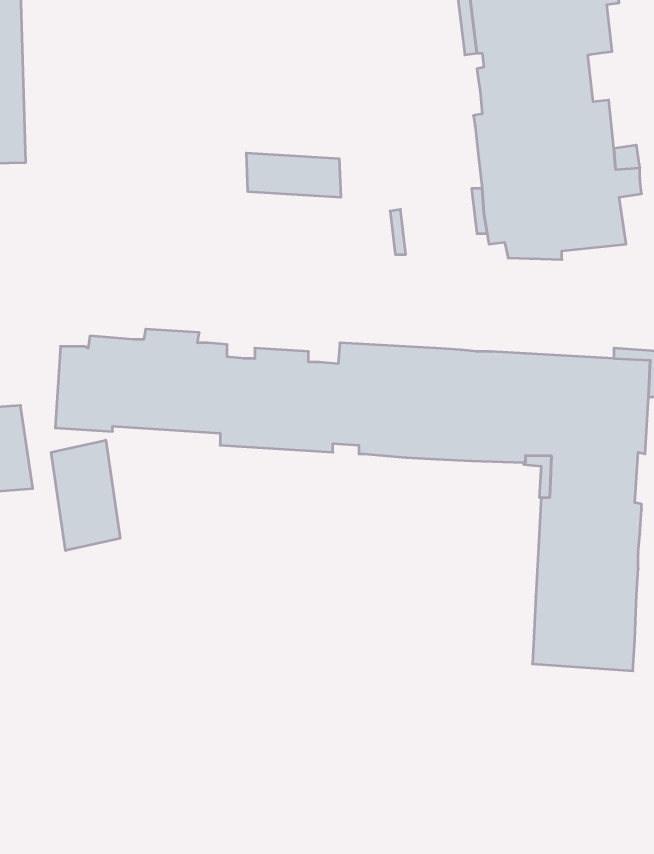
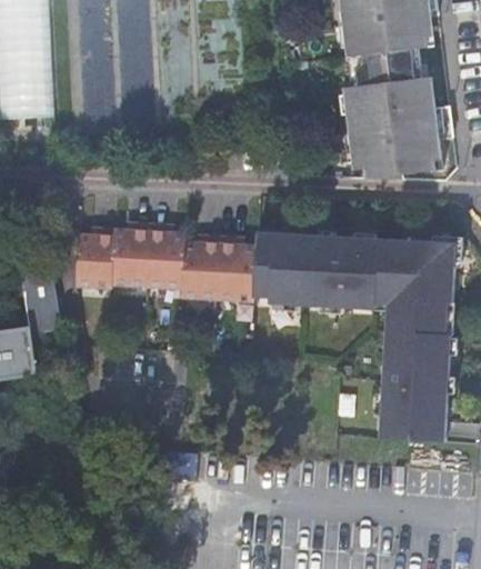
building: [246,153,341,197] -> none
building: [51,440,120,551] -> none

